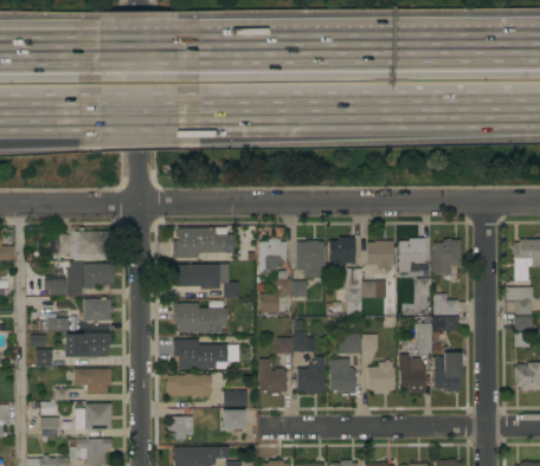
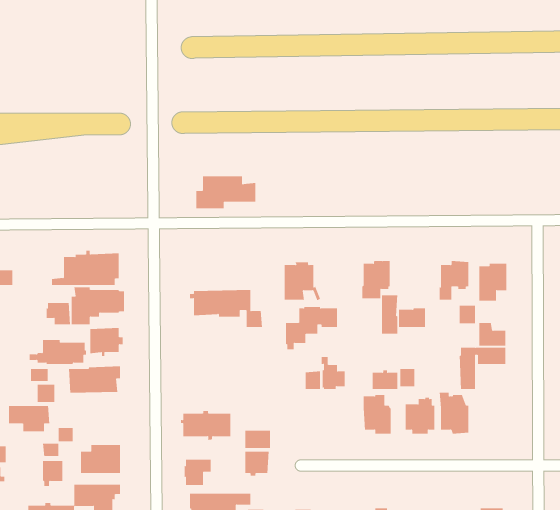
building: [172,228,226,258] -> [196,176,256,209]
building: [366,240,393,268] -> none
building: [296,241,324,278] -> none
building: [173,303,227,332] -> none
building: [173,339,227,369] -> none
building: [433,352,461,393] -> none
building: [297,357,324,394] -> none
building: [259,360,288,395] -> none
building: [73,369,111,393] -> [8,406,50,432]

